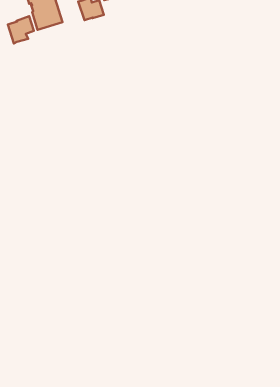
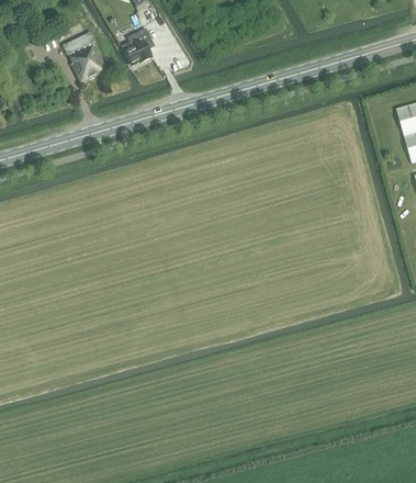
building: [8,16,34,43] -> none

